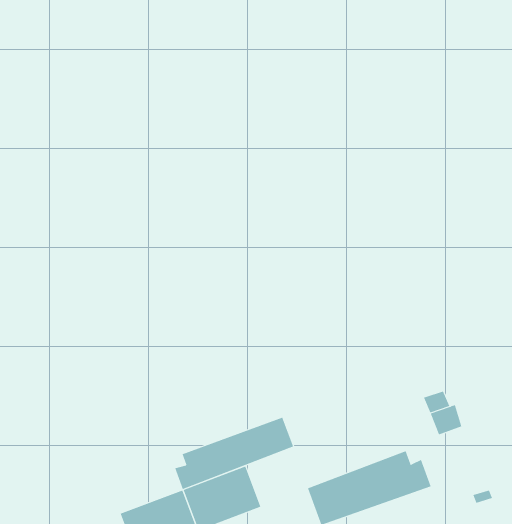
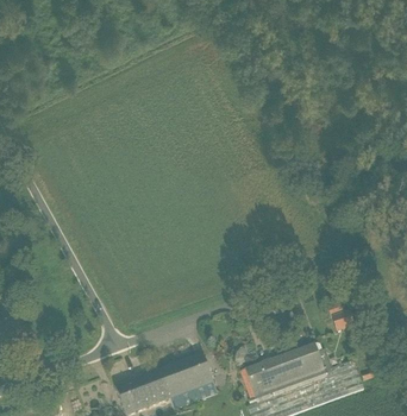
building: [175,417,294,490] -> none

